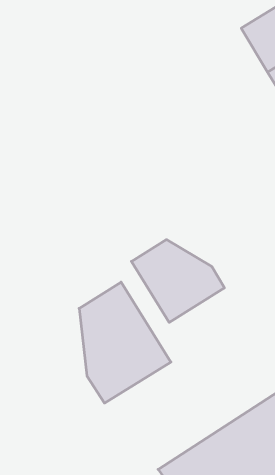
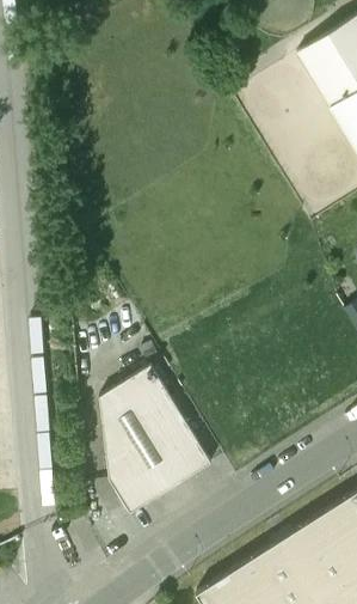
building: [131,240,224,322] -> none

